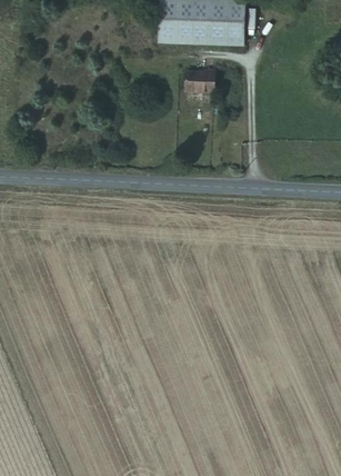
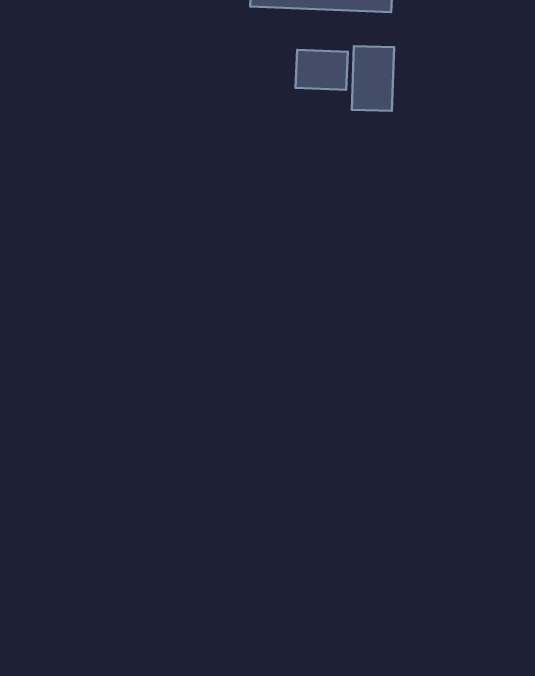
building: none -> [352,46,394,111]

